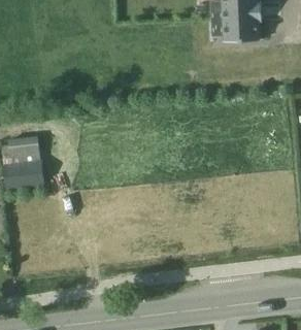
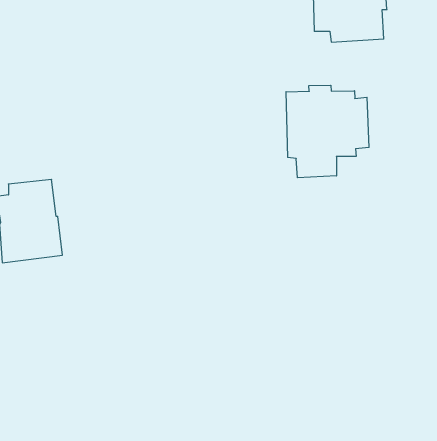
building: none -> [286,85,369,178]

